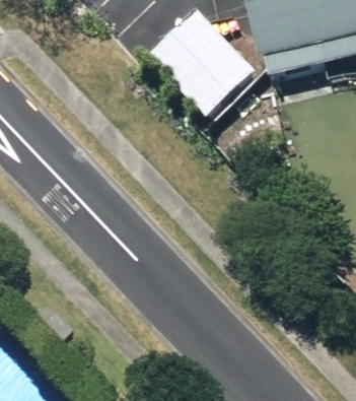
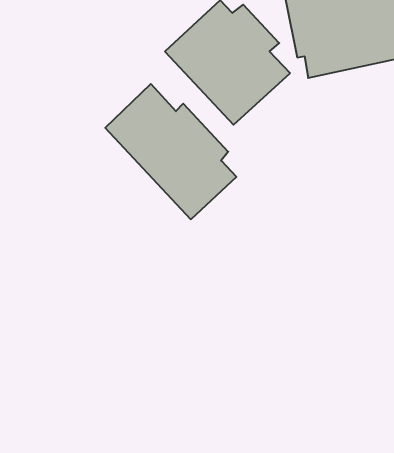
building: none -> [105,84,236,219]

